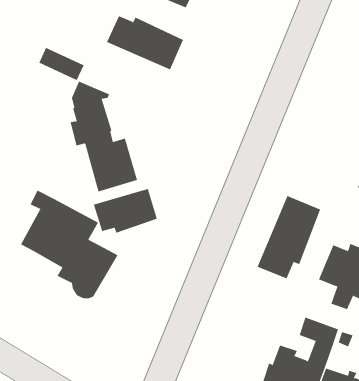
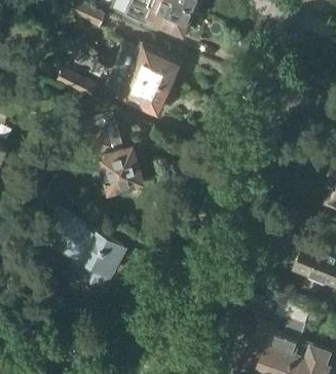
building: none -> [108,67,172,116]
building: [93,188,158,233] -> none
building: [257,195,321,279] -> none

